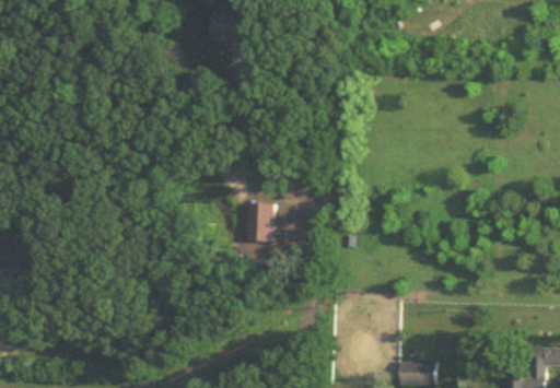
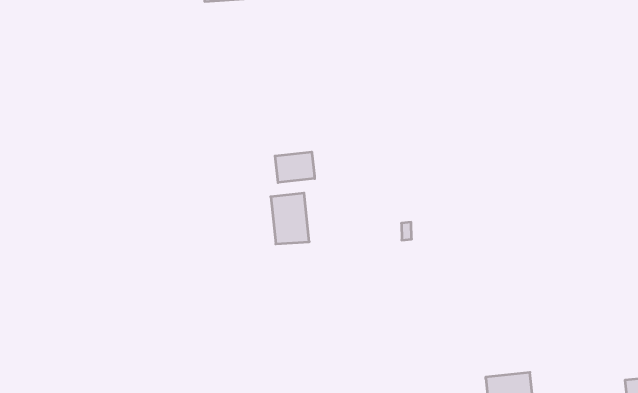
building: none -> [275,152,315,183]

